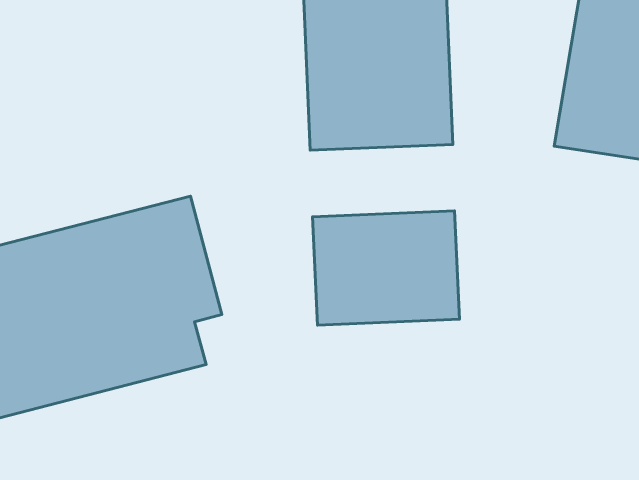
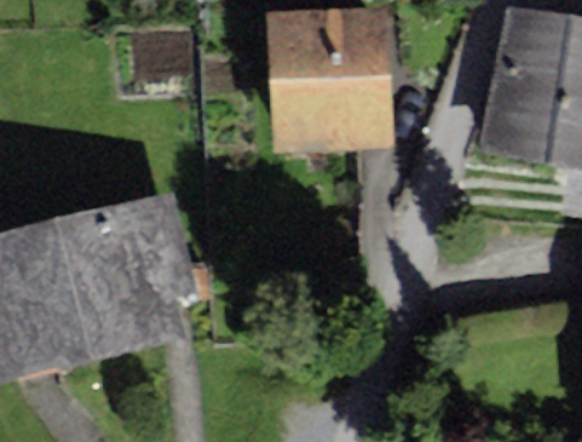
building: [313,211,459,325] -> none

